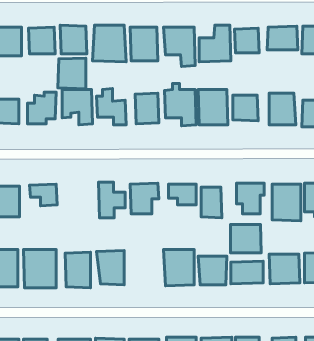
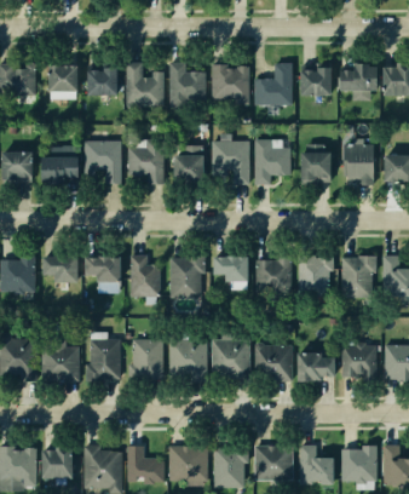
building: [58,58,86,89] -> none
building: none -> [88,257,122,282]
building: [230,225,261,253] -> none
building: none -> [168,337,207,384]

